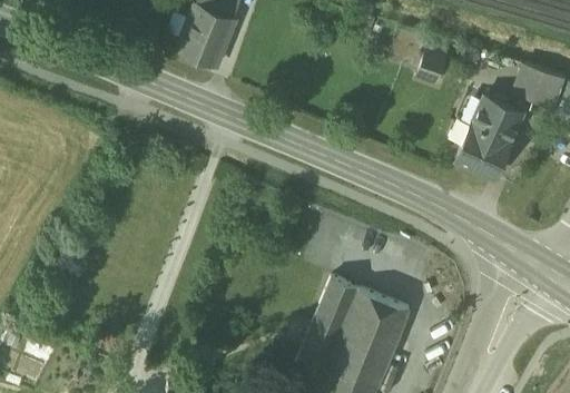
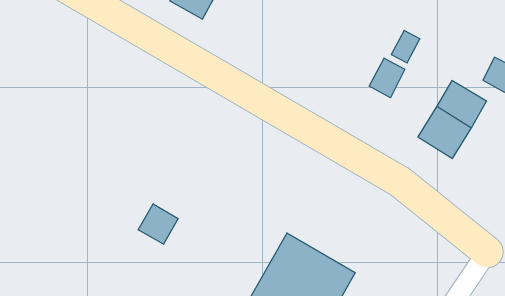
building: none -> [369,58,405,98]
building: none -> [138,204,178,244]

